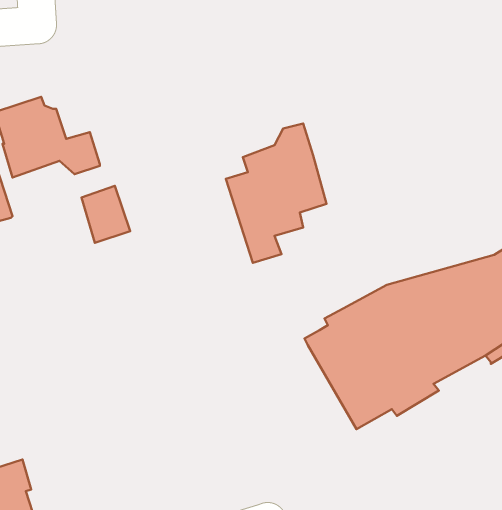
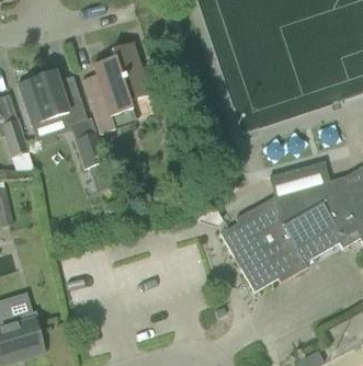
building: [226,123,327,263] -> [81,43,147,134]

